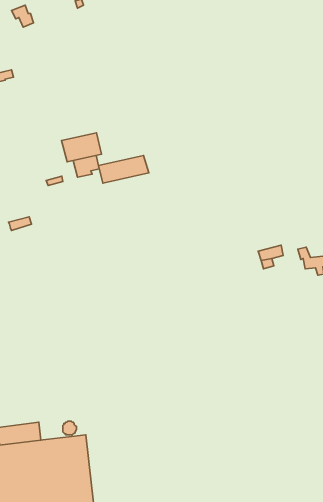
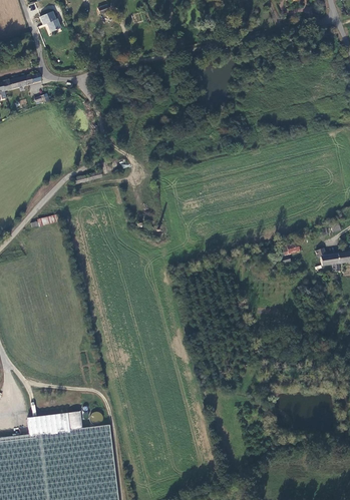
building: [61,133,101,162] -> none
building: [99,155,149,183] -> none

